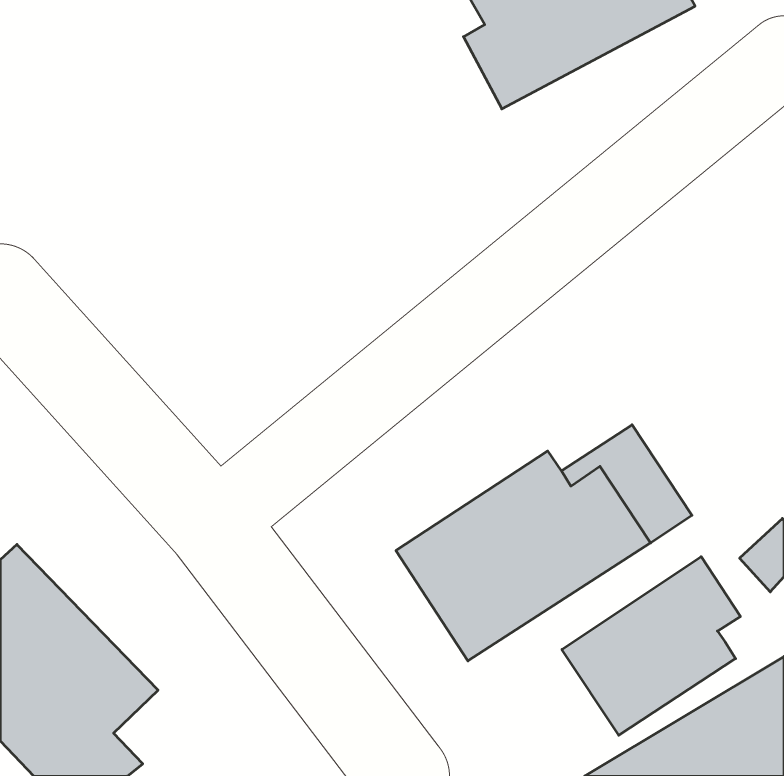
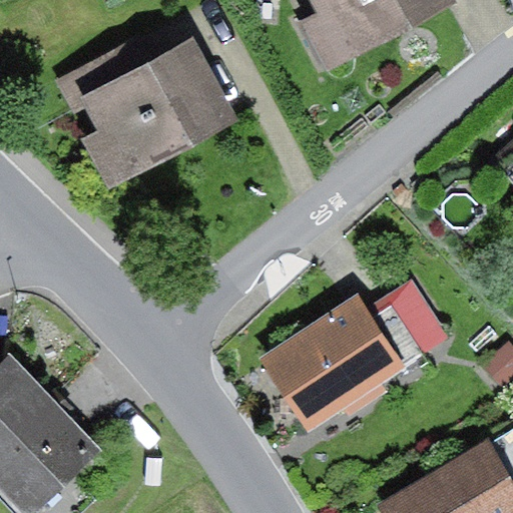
building: none -> [55,32,230,186]
building: [562,557,740,735] -> none

